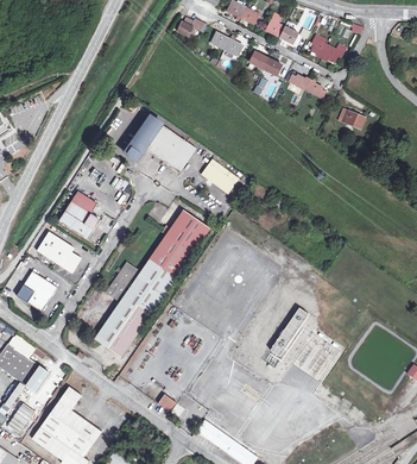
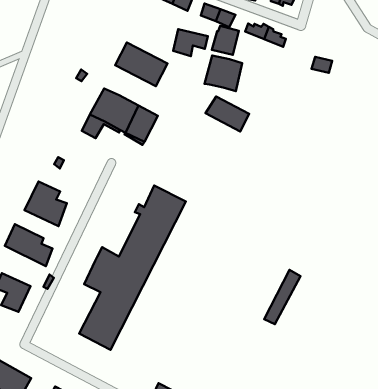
building: none -> [173,29,208,56]
building: none -> [115,42,168,86]
building: none -> [205,55,242,91]
building: [200,157,240,193] -> [206,96,249,132]

